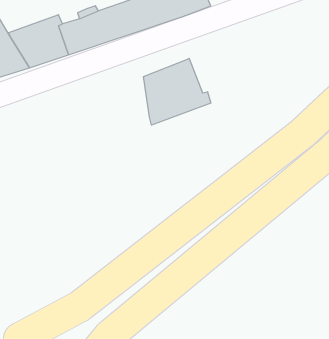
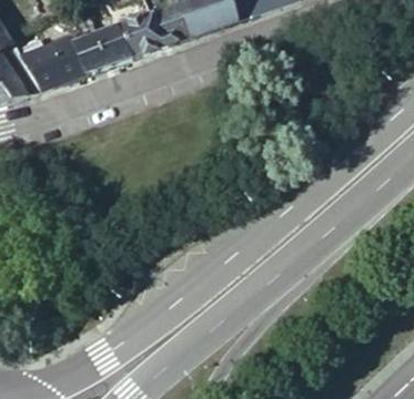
building: [143,58,211,125] -> none

